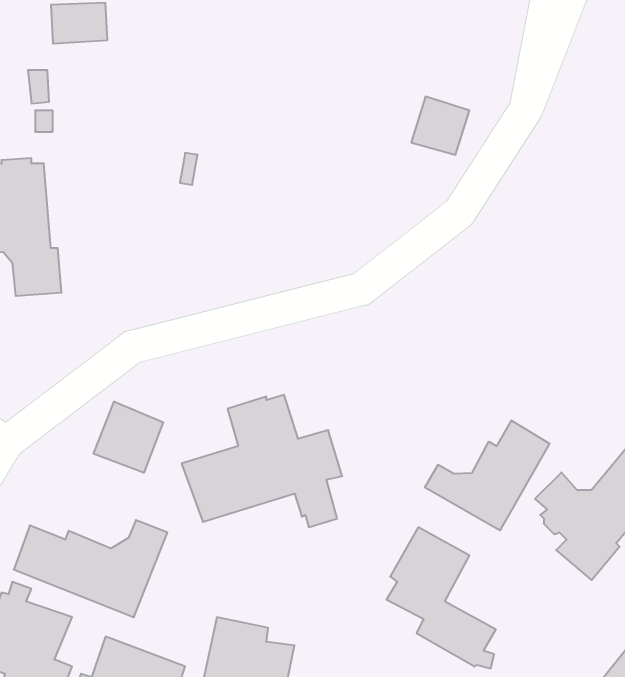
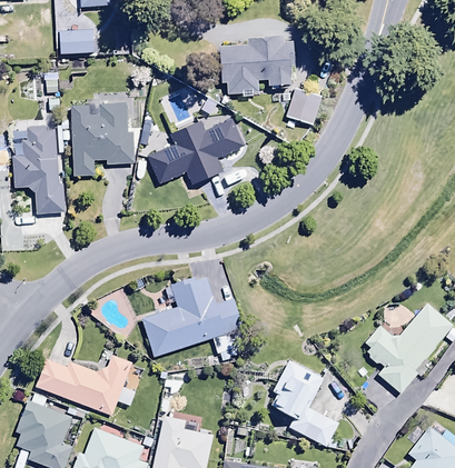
building: none -> [219,38,296,92]
building: none -> [70,98,136,176]
building: none -> [149,119,244,185]
building: [94,401,163,473] -> none
building: [425,420,550,530] -> none

